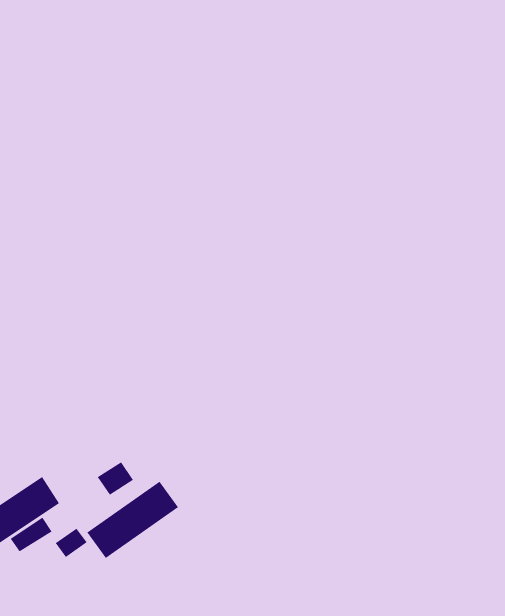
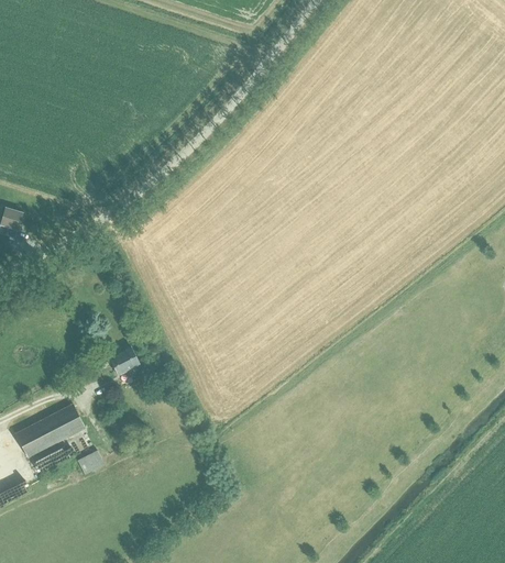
building: [97,462,134,496] -> [109,347,140,375]
building: [86,481,179,559] -> none

